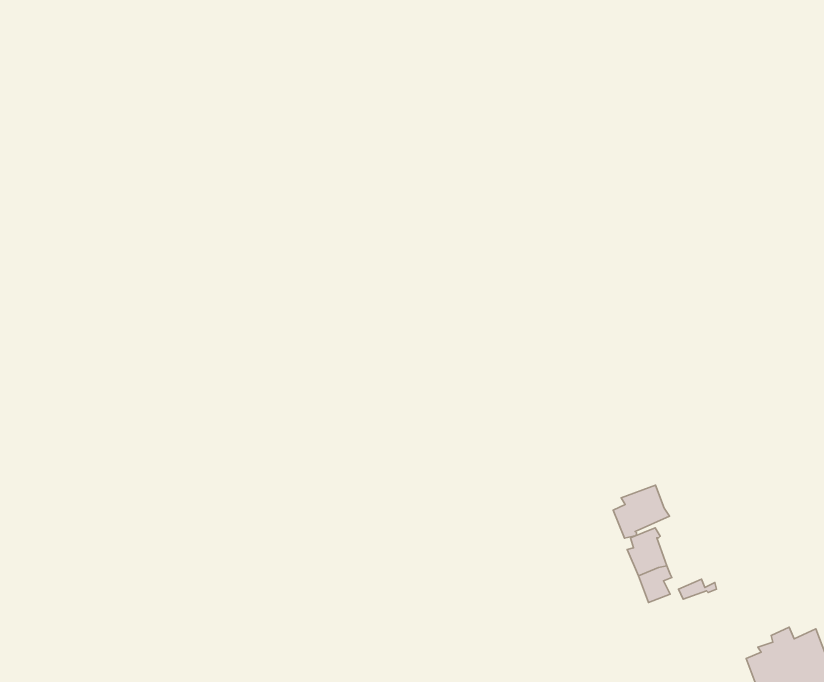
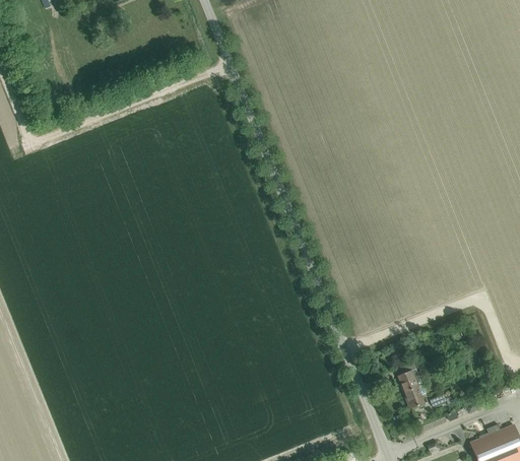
building: [613,485,670,538] -> none

